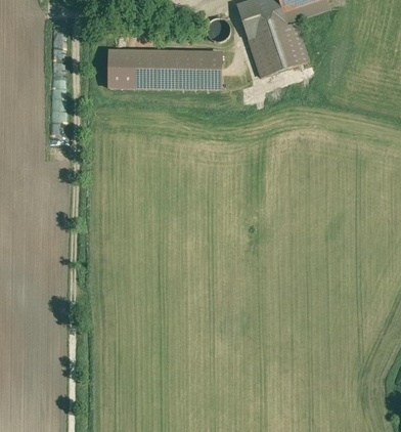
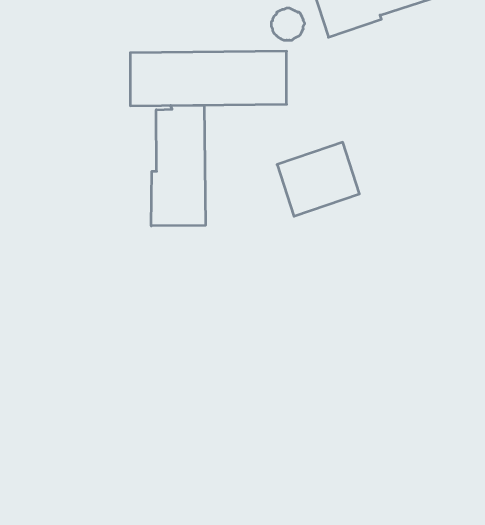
building: [249,23,309,77] -> [277,142,359,216]
building: none -> [151,105,205,226]

